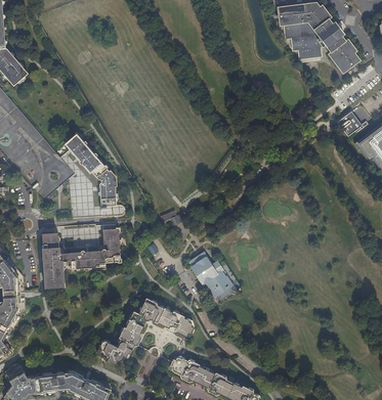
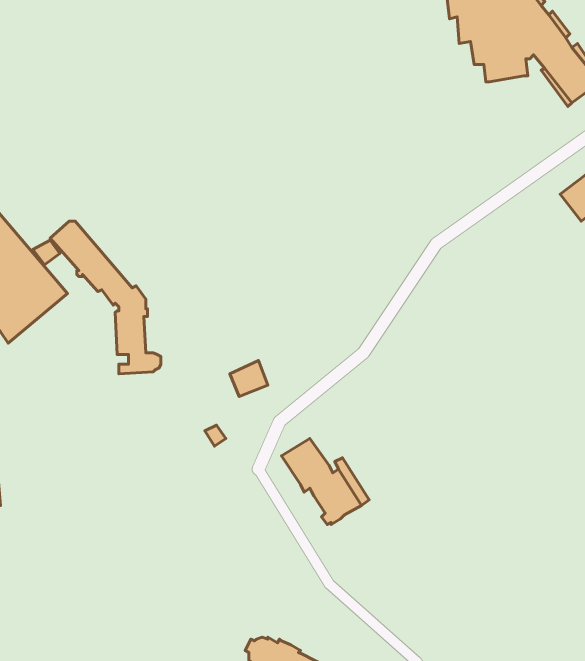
building: [42,228,121,286] -> none
building: [96,297,194,363] -> none

